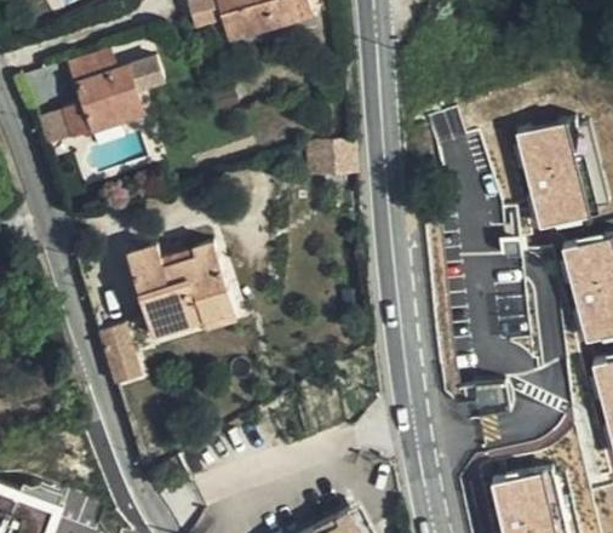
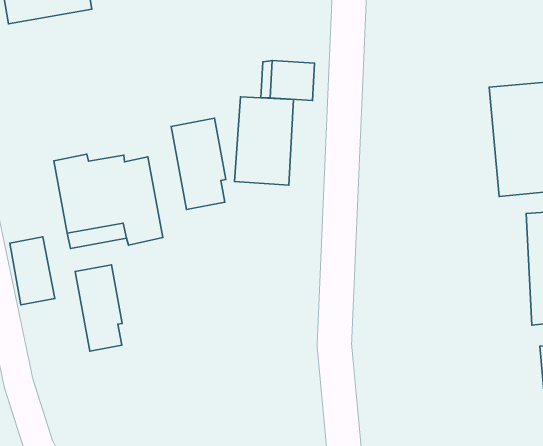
building: none -> [234,97,293,185]
building: none -> [171,118,226,210]
building: none -> [75,265,122,351]

